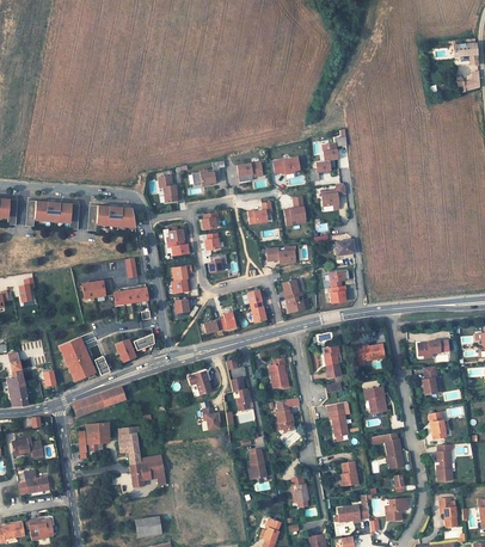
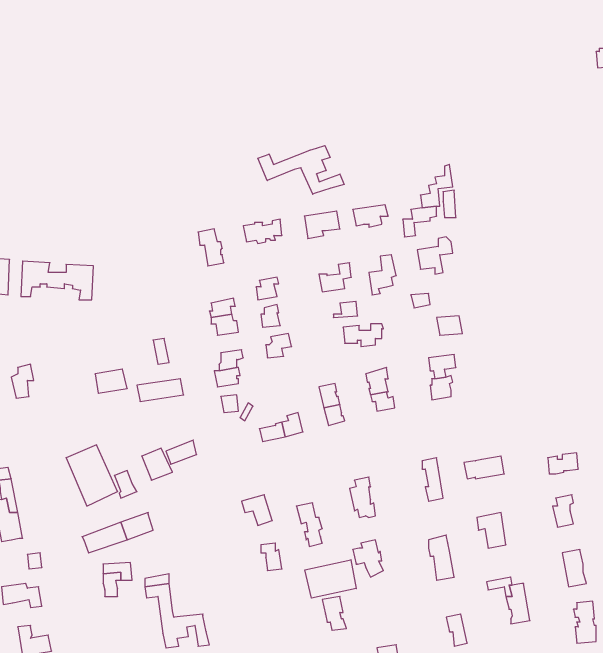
building: none -> [258,146,344,194]
building: [88,203,135,229] -> none
building: none -> [305,560,356,598]

